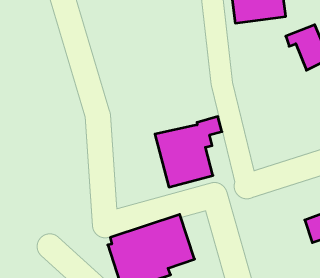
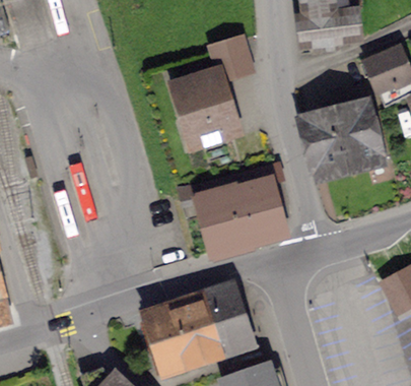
building: none -> [213,37,252,75]
building: none -> [180,73,232,137]
building: none -> [305,101,388,169]

